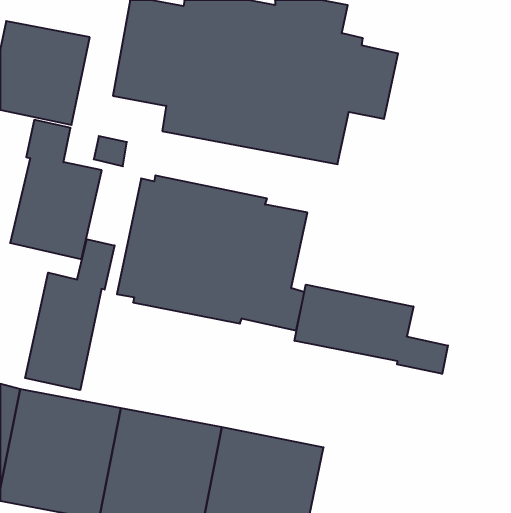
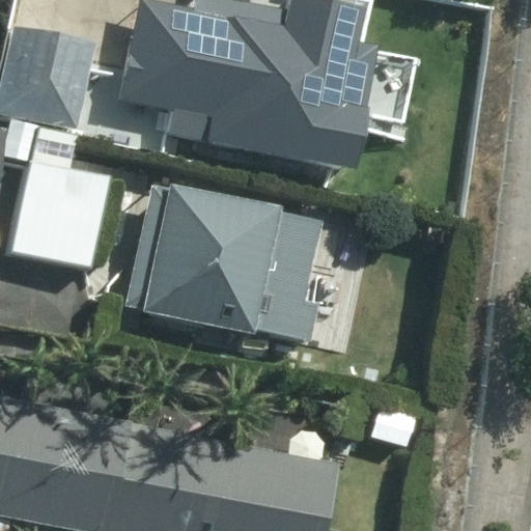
building: [25,239,115,390] -> none
building: [295,285,448,374] -> none

